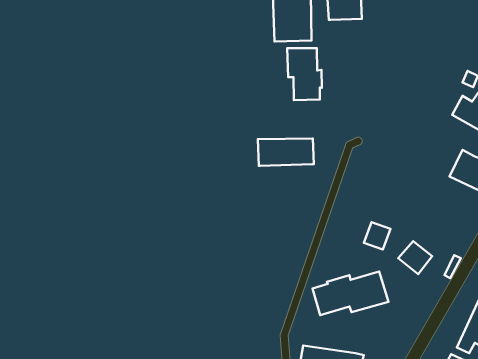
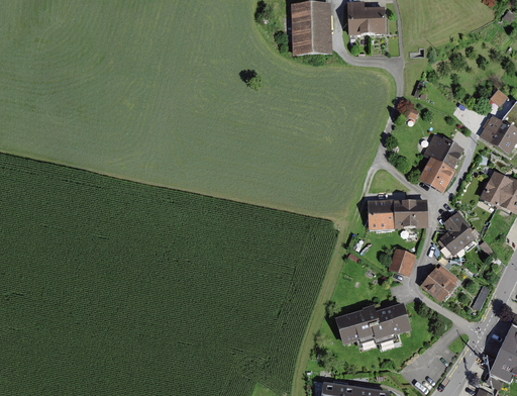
building: [287,48,322,100] -> none
building: none -> [418,135,463,192]
building: [258,138,314,166] -> [368,201,427,230]
building: none -> [440,208,475,256]

